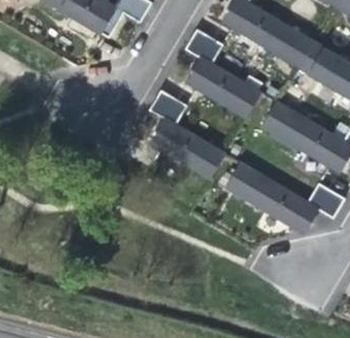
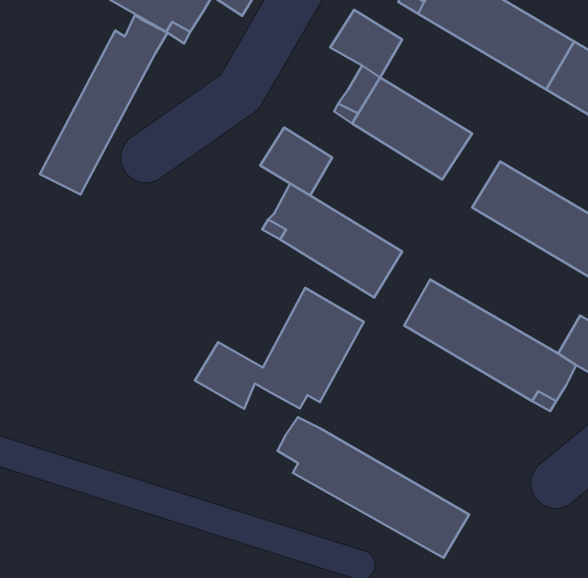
building: none -> [40,15,168,194]
building: none -> [195,288,364,409]
building: none -> [278,417,469,558]

